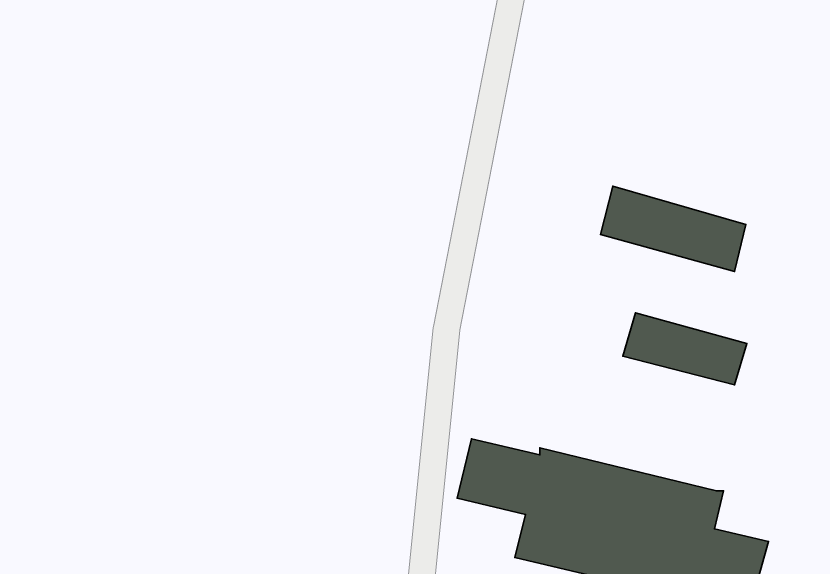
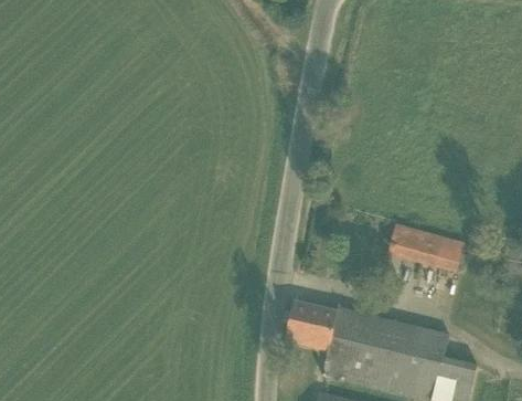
building: [600,186,746,271] -> none

